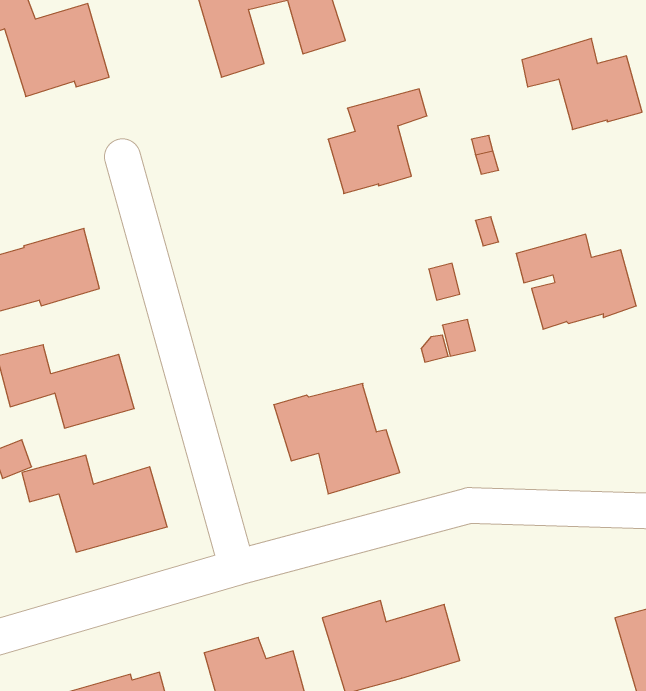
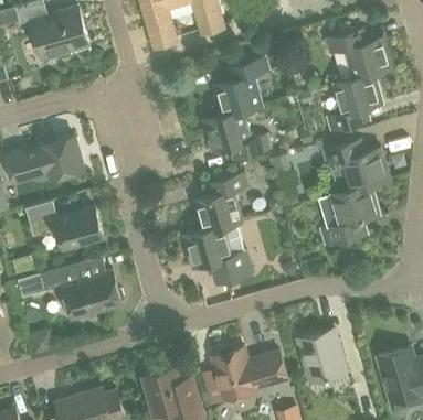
building: none -> [325,73,381,132]
building: none -> [202,109,272,161]
building: none -> [193,170,255,230]
building: none -> [317,183,379,247]
building: none -> [296,329,346,381]

